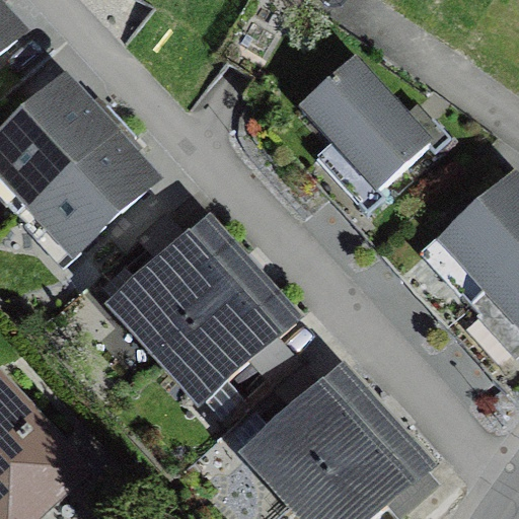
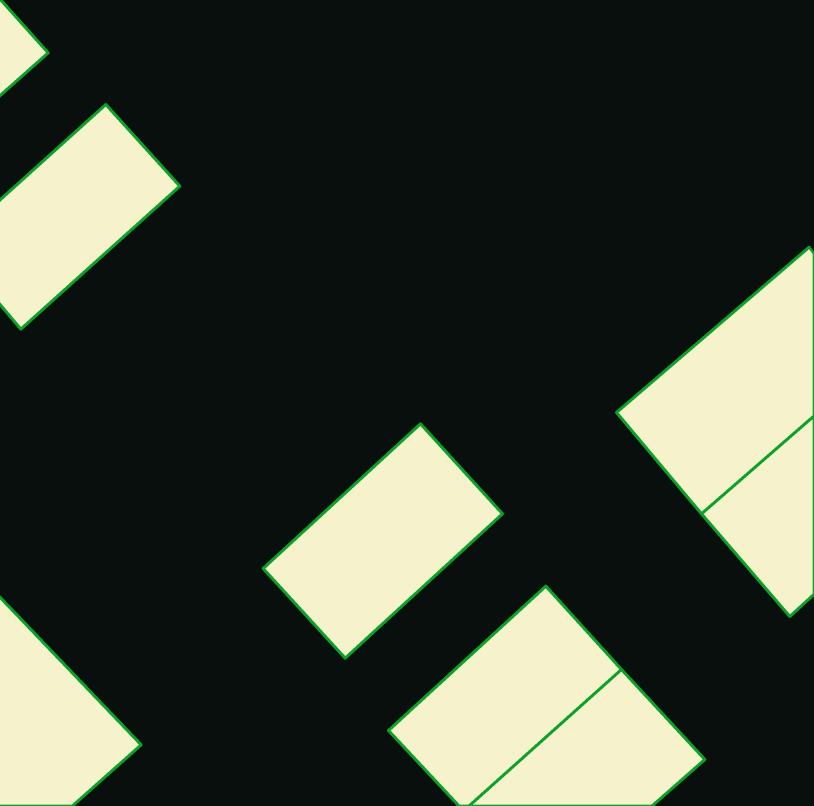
building: [292,61,417,187] -> none
building: [13,118,166,267] -> none
building: [118,216,266,359] -> none

